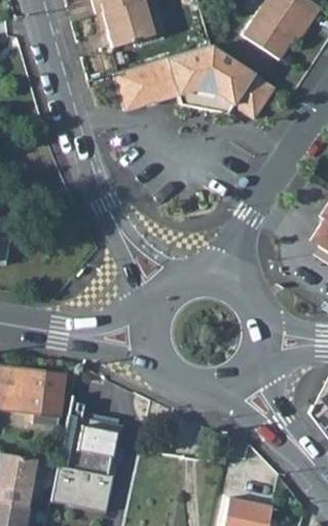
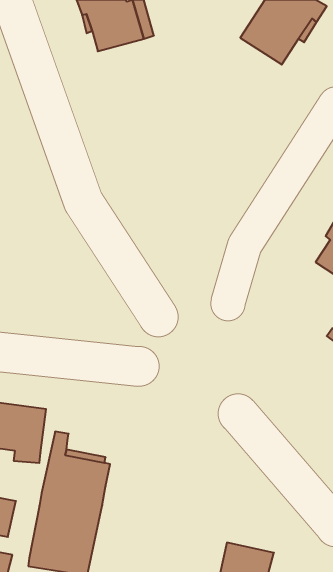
building: [113,45,275,119] -> none

